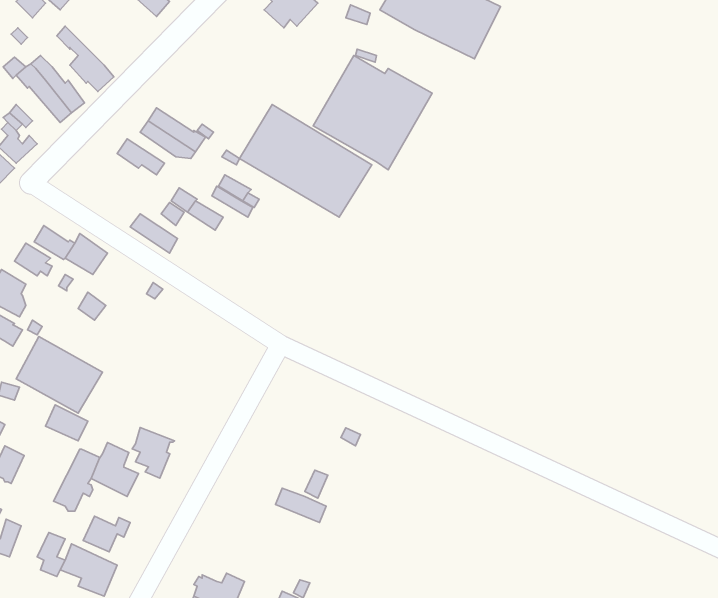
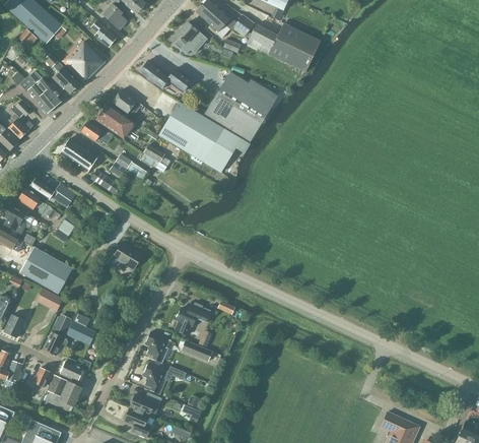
building: none -> [62,42,104,82]
building: none -> [138,60,191,91]
building: none -> [112,89,143,113]
building: none -> [60,137,97,172]
building: none -> [114,243,143,269]
building: none -> [174,301,211,335]
building: [132,428,175,478] -> [144,331,170,363]
building: none -> [143,363,186,394]

